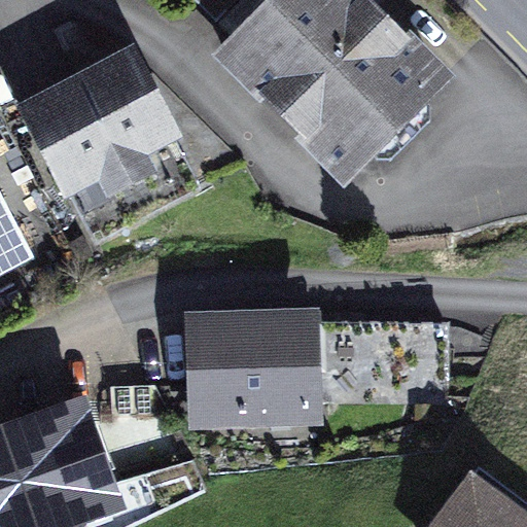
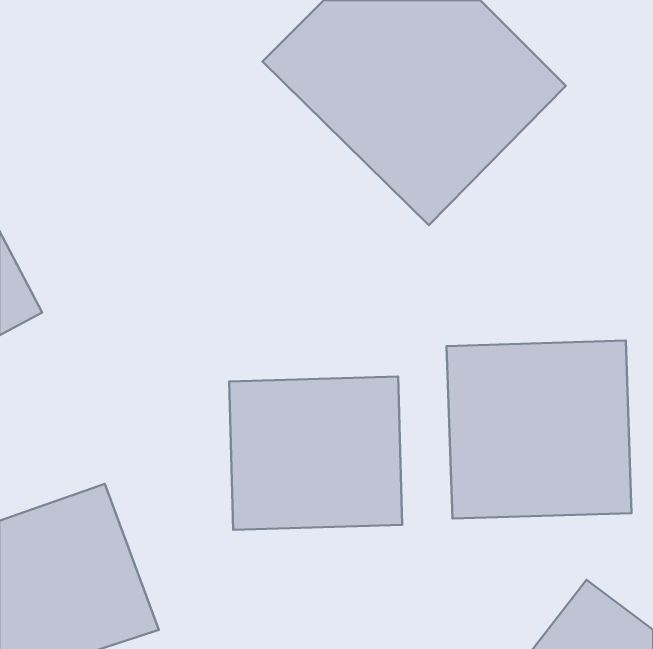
building: [14,40,184,200] -> none
building: none -> [446,341,632,518]

